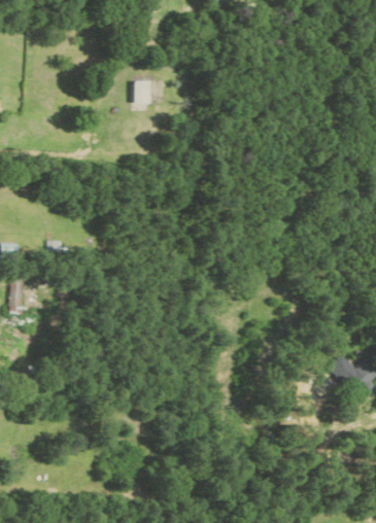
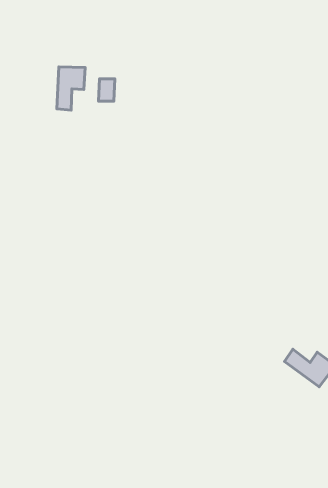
building: none -> [57,67,85,110]

